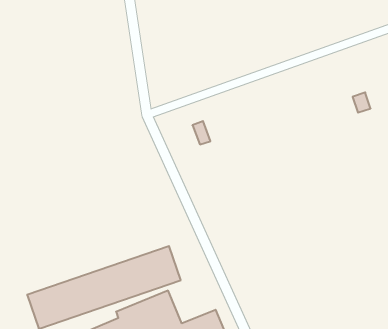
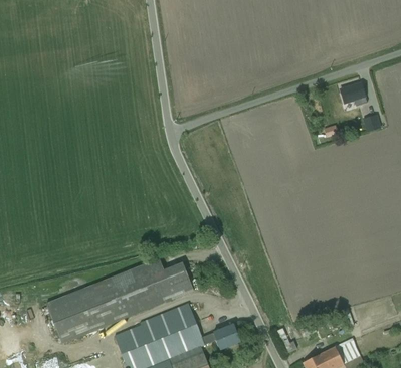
building: none -> [338,81,364,106]

